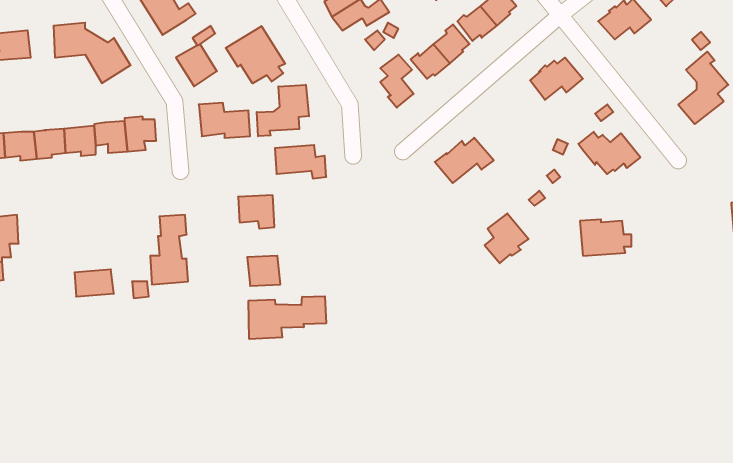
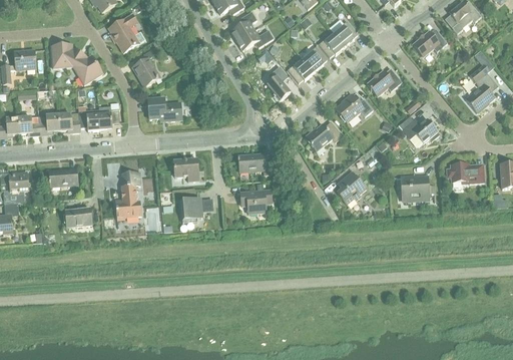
building: [226,26,285,83] -> none
building: [257,85,309,136] -> none
building: none -> [335,92,373,121]
building: [275,145,326,178] -> [238,152,273,174]
building: none -> [446,162,484,182]
building: none -> [48,167,77,187]
building: none -> [239,190,271,214]
building: [249,296,326,339] -> none

